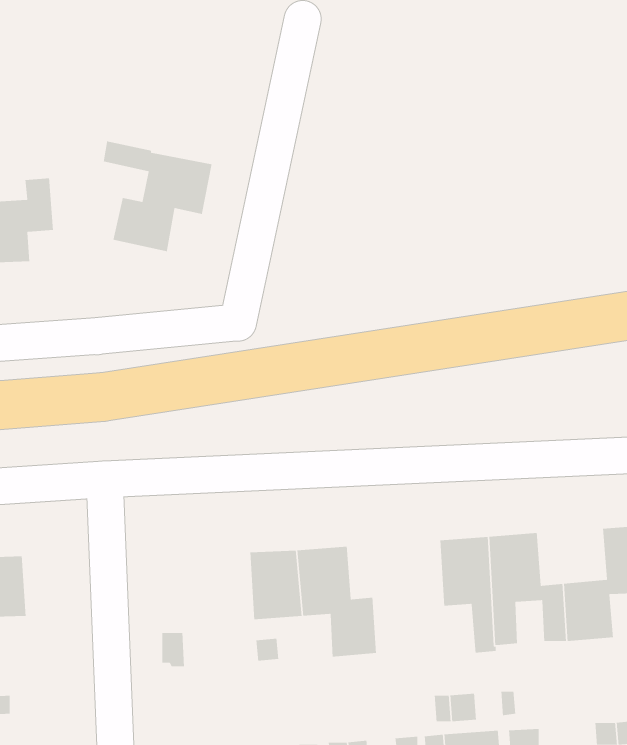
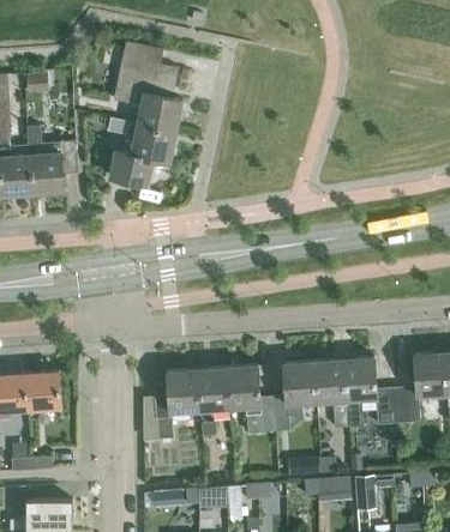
building: none -> [113,41,181,132]
building: none -> [272,362,316,431]
building: none -> [156,369,199,442]

